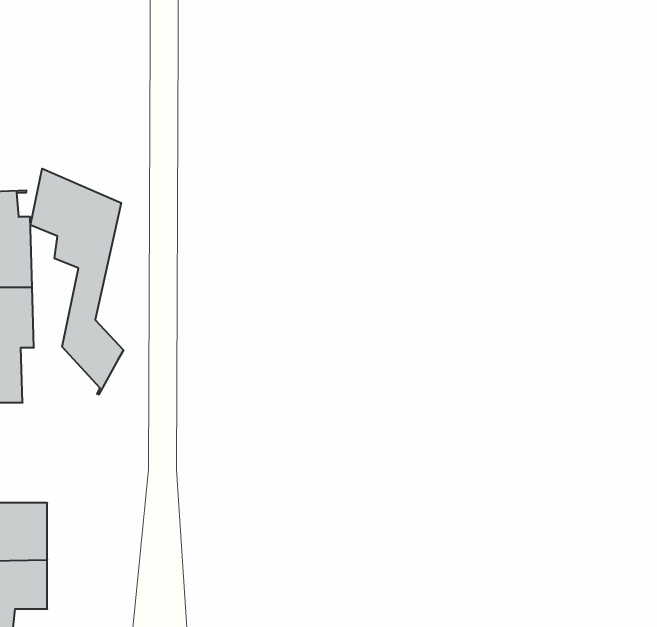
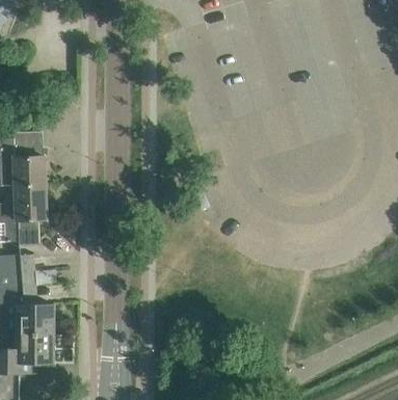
building: [30,169,123,395] -> none

